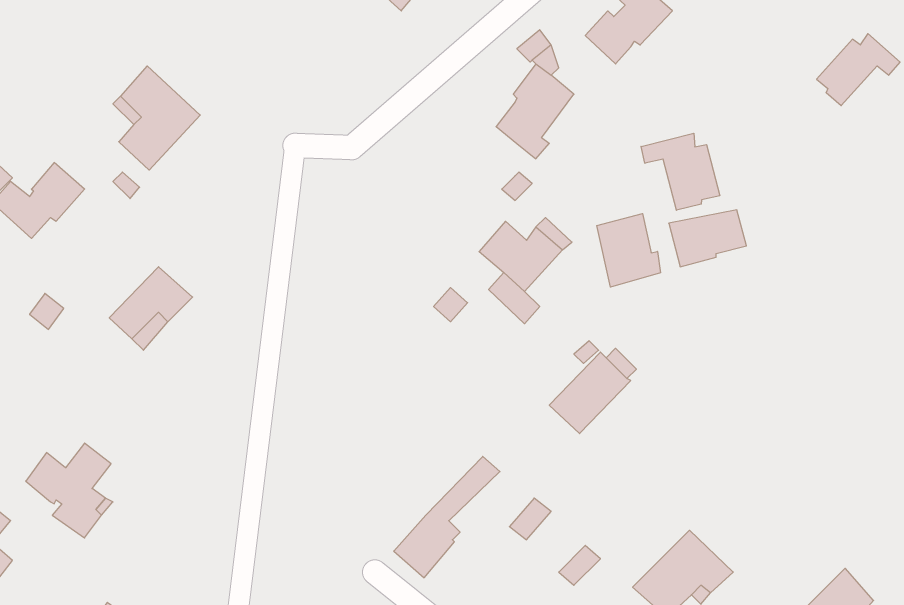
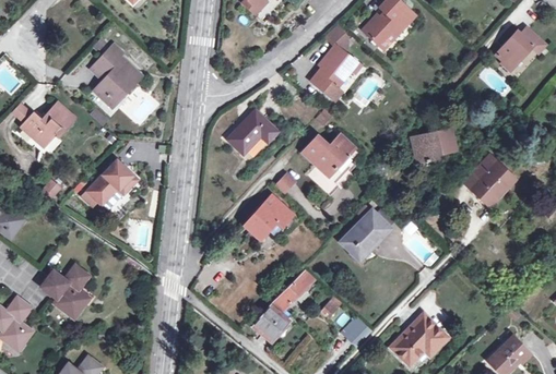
building: [641,133,720,210] -> none
building: none -> [228,111,276,154]
building: [597,214,661,287] -> none
building: none -> [464,156,514,206]
building: none -> [244,196,291,240]

